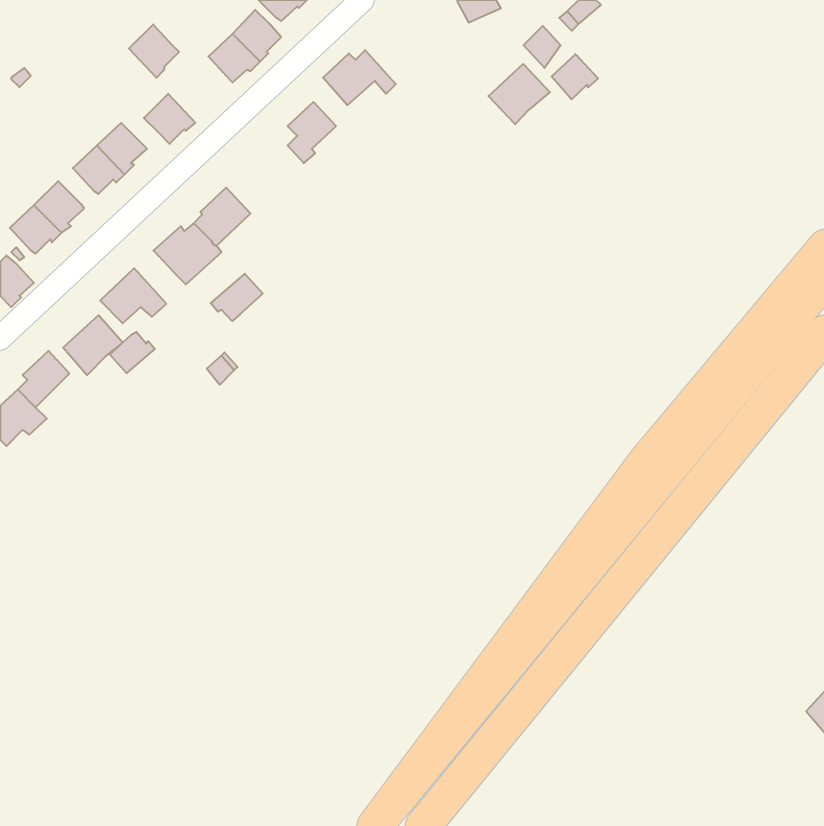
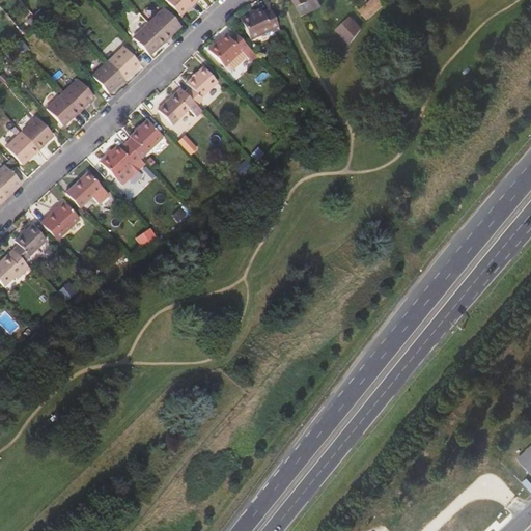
building: none -> [241,8,277,37]
building: [129,24,179,78] -> [109,45,141,79]
building: [552,54,598,99] -> none
building: [488,64,550,124] -> none
building: none -> [158,87,199,123]
building: [211,274,263,321] -> none
building: [110,332,155,373] -> none

